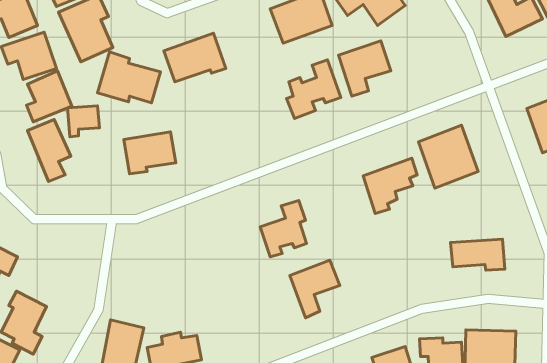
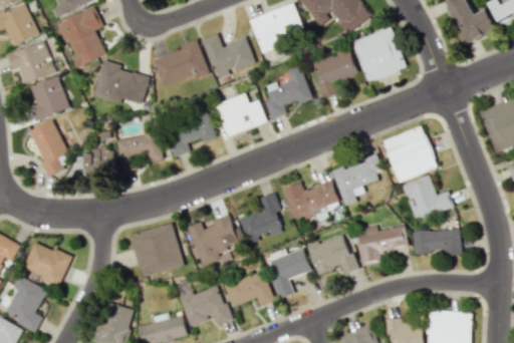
building: none -> [352,28,406,83]
building: none -> [202,34,255,78]
building: none -> [215,93,267,137]
building: [67,106,100,137] -> [85,149,114,178]
building: none -> [165,114,217,157]
building: none -> [403,176,454,221]
building: none -> [282,181,340,220]
building: none -> [187,215,246,268]
building: none -> [131,225,183,277]
building: none -> [355,226,409,264]
building: none -> [308,234,356,274]
building: none -> [22,242,72,286]
building: none -> [224,272,274,308]
building: none -> [179,285,232,326]

